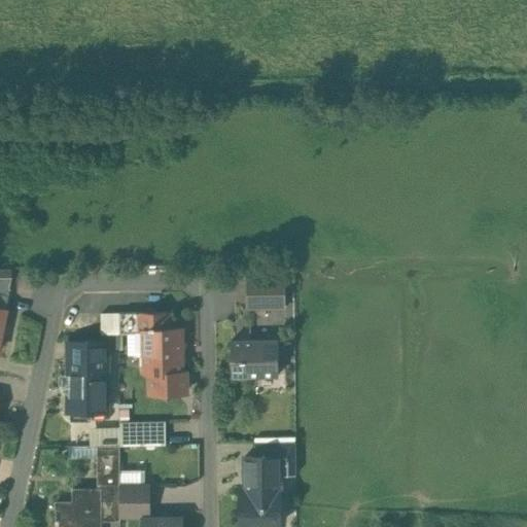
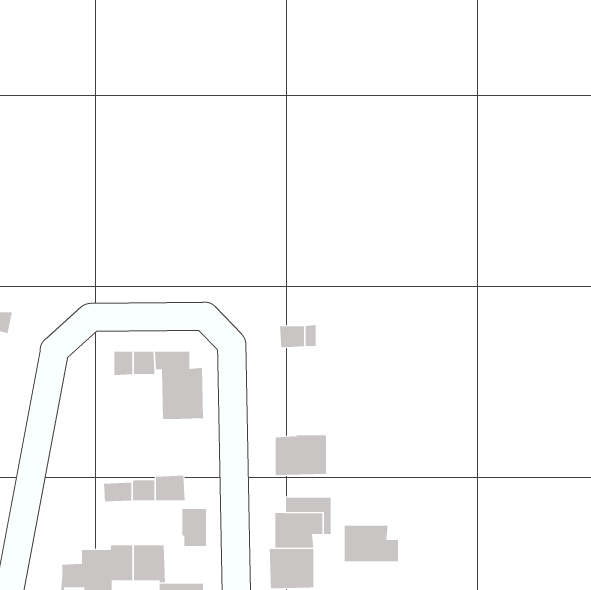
building: [231,341,277,377] -> [275,435,327,475]
building: [68,343,106,413] -> none
building: [148,374,185,400] -> none
building: [96,452,118,486] -> [181,508,207,547]
building: none -> [338,525,399,562]

